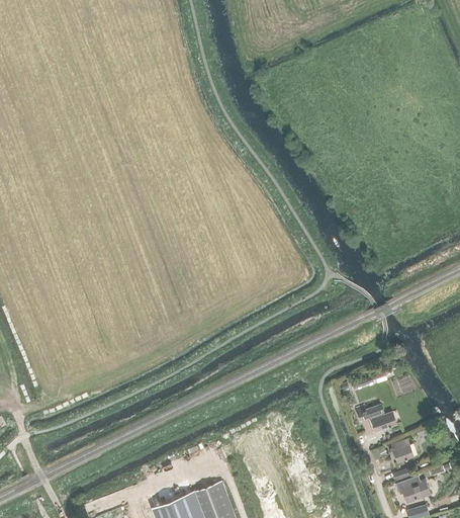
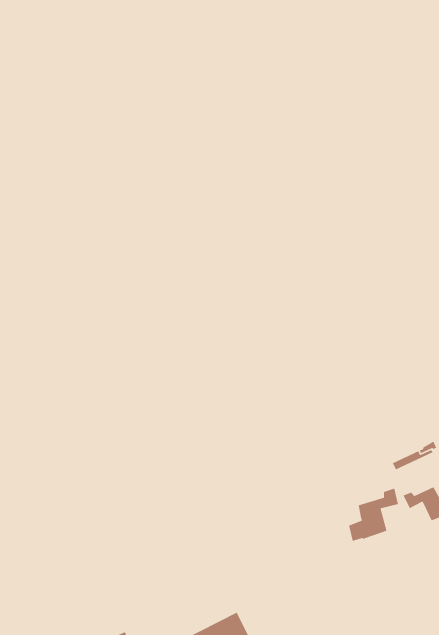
building: none -> [348,488,399,542]

